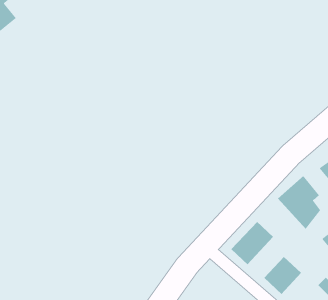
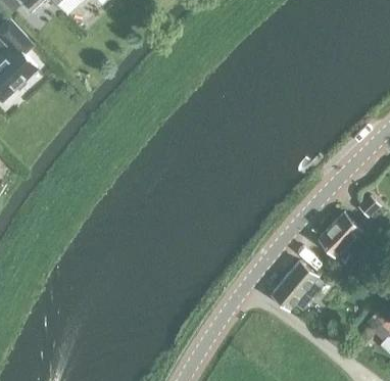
building: [263,256,302,295] -> none

